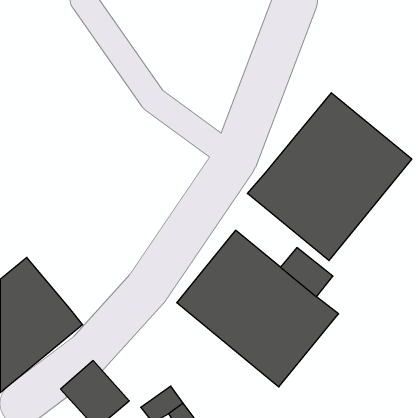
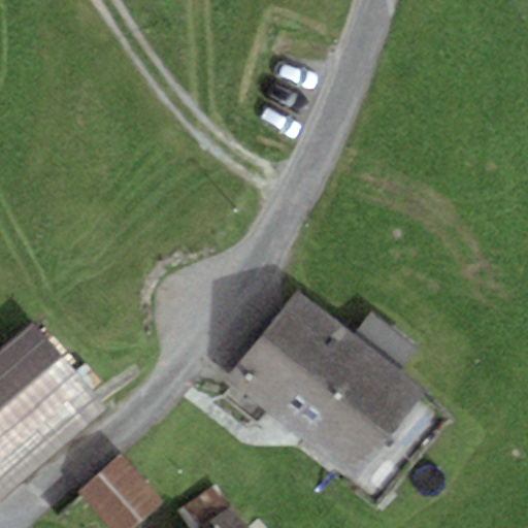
building: [247,93,412,261] -> none

